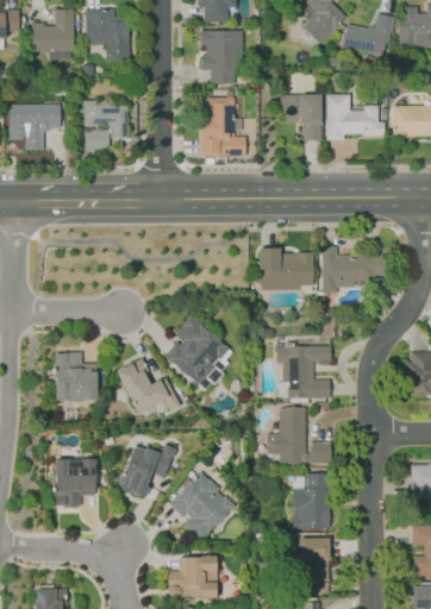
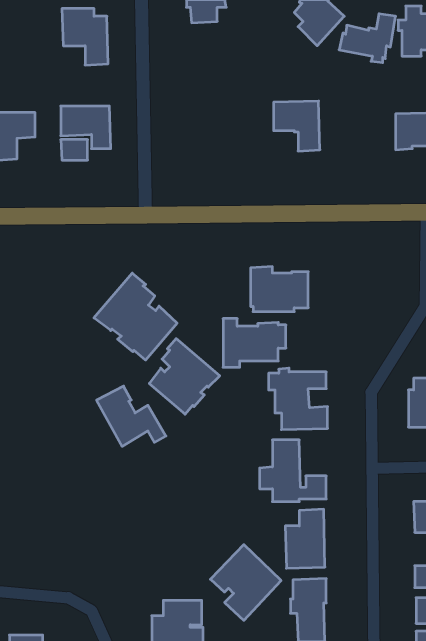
building: [32,10,74,50] -> none
building: [201,30,243,83] -> none
building: [326,94,385,139] -> none
building: [200,98,245,155] -> none
building: [323,247,381,293] -> [223,319,286,367]
building: none -> [94,273,177,360]
building: [55,352,96,398] -> none
building: [117,444,175,497] -> none
building: [54,458,95,506] -> none
building: [169,472,235,542] -> [210,545,281,620]

